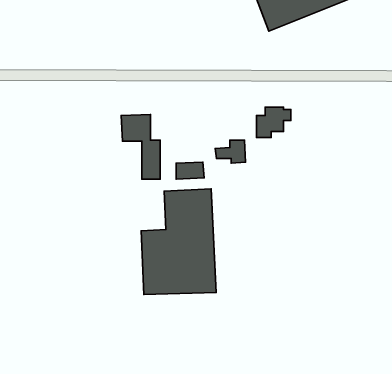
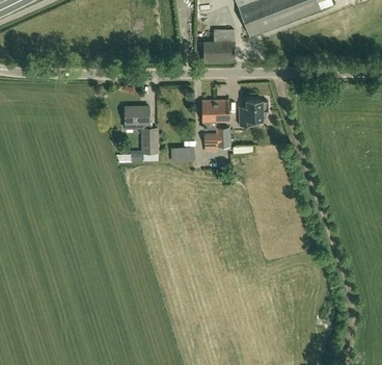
building: none -> [203,30,234,59]
building: none -> [201,100,228,129]
building: [141,189,216,294] -> none

